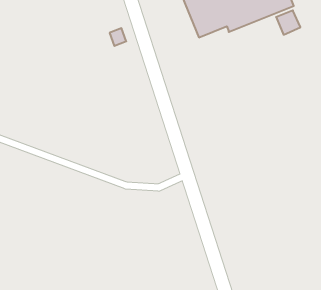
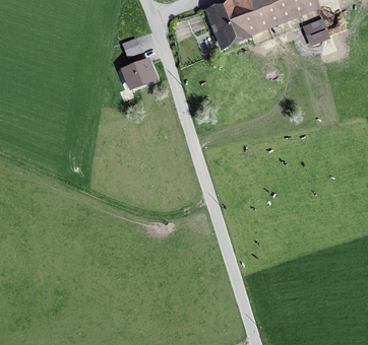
building: none -> [122,53,160,87]

